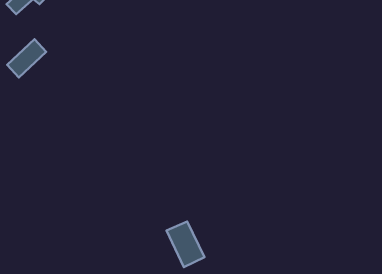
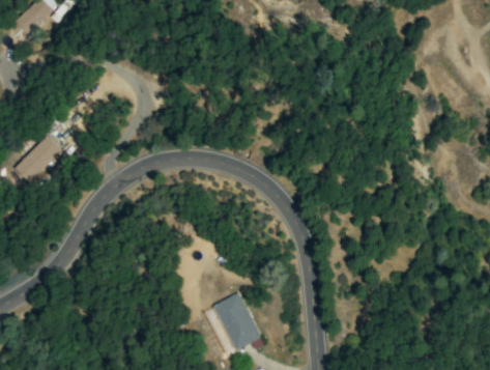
building: [7,39,46,77] -> [13,136,62,183]

